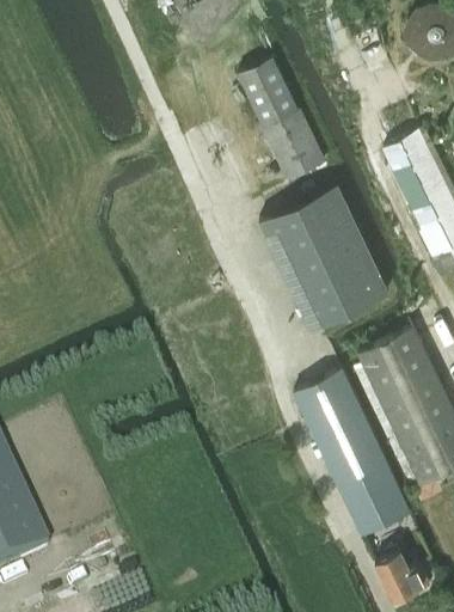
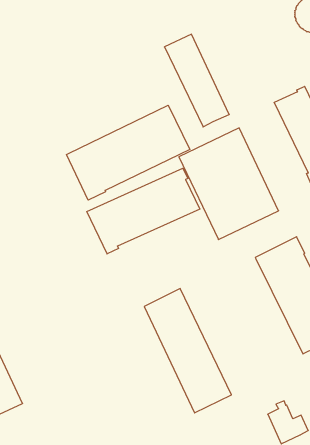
building: none -> [66,105,190,200]
building: none -> [87,168,200,254]
building: [294,372,410,537] -> [144,289,231,413]

